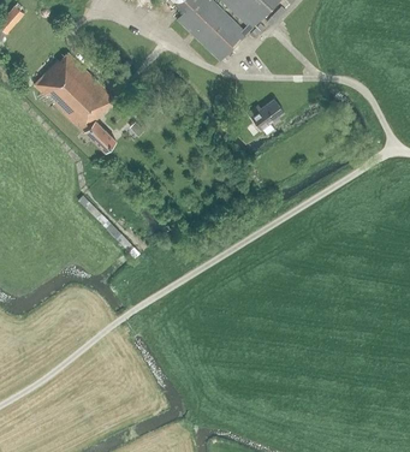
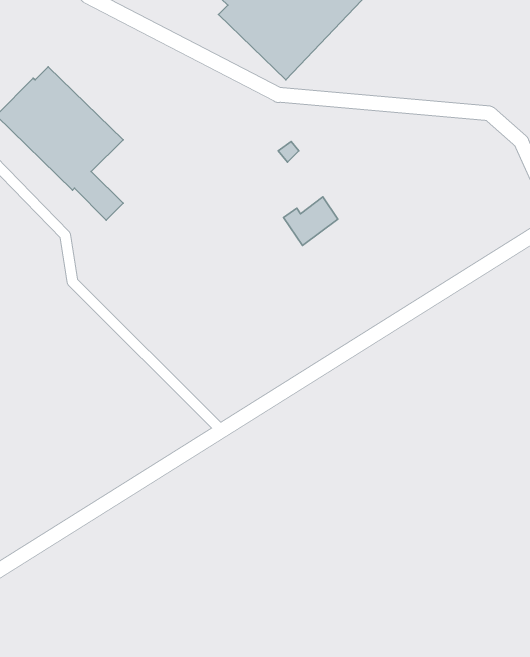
building: [249,99,284,130] -> [284,197,338,245]

